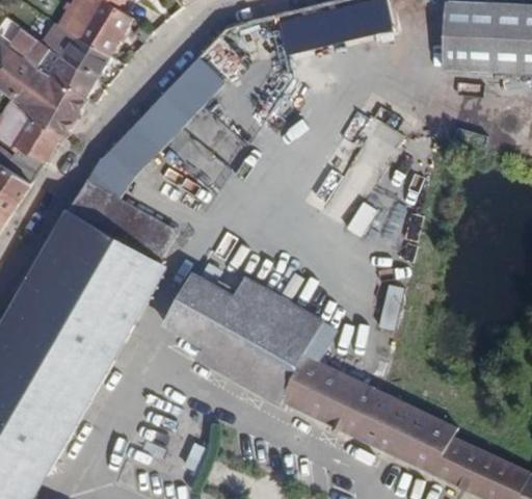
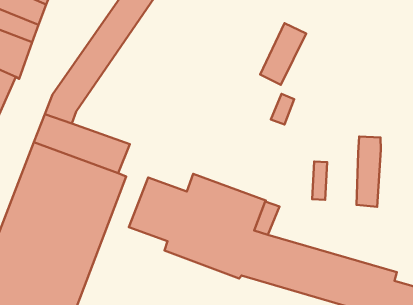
building: none -> [356,136,381,207]

